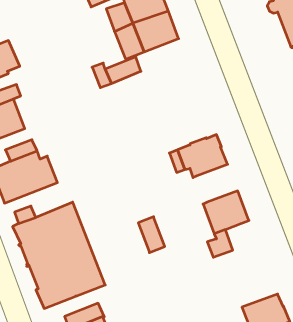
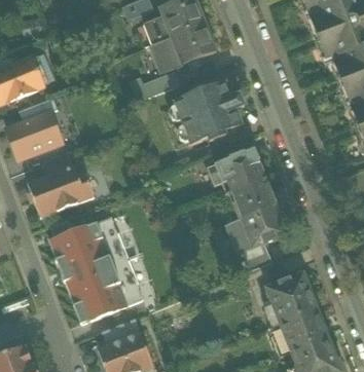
building: none -> [174,81,244,144]
building: none -> [234,177,277,216]
building: [138,217,165,253] -> [225,218,252,254]
building: none -> [266,273,316,322]

